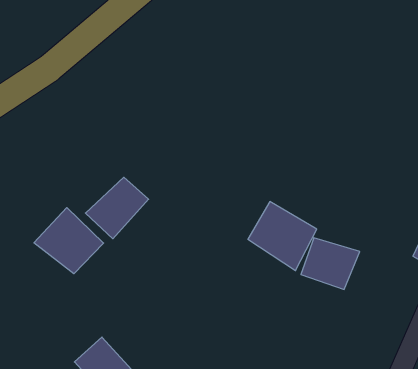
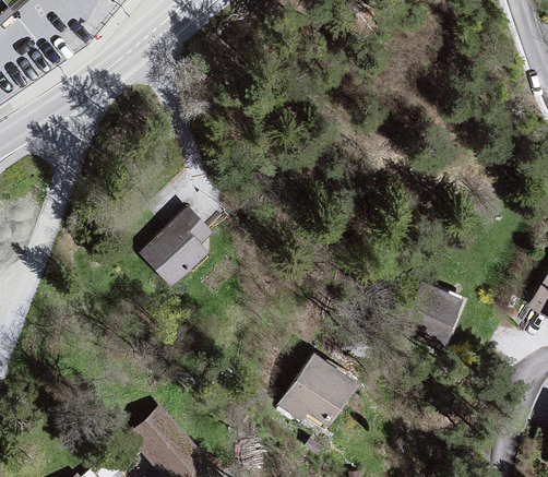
building: [248,202,317,271] -> [275,351,357,433]
building: [34,208,104,274] -> none

